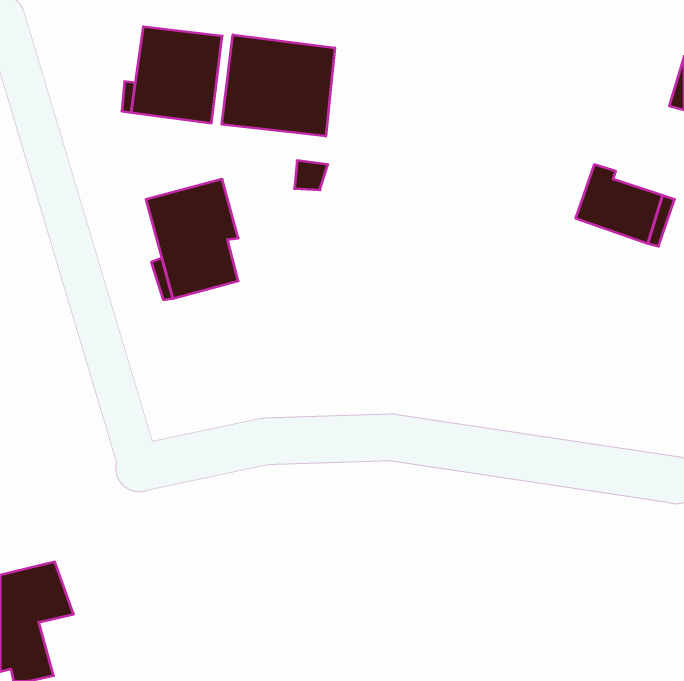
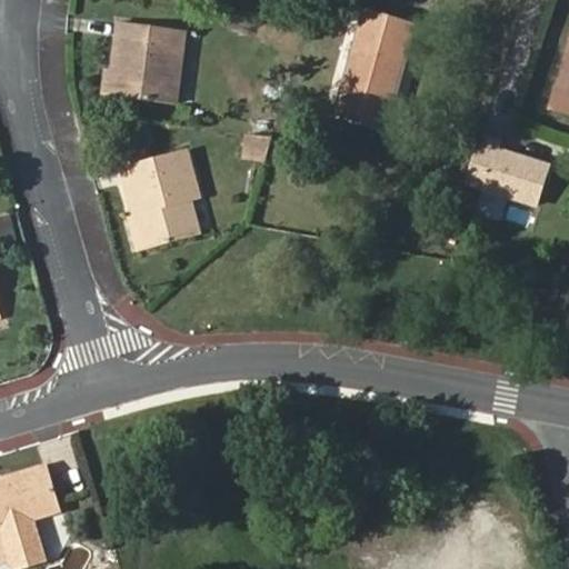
building: none -> [339,11,412,124]
building: [222,35,335,136] -> none

